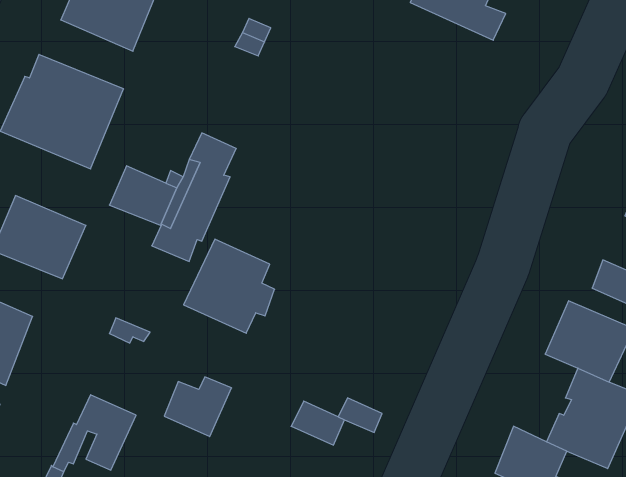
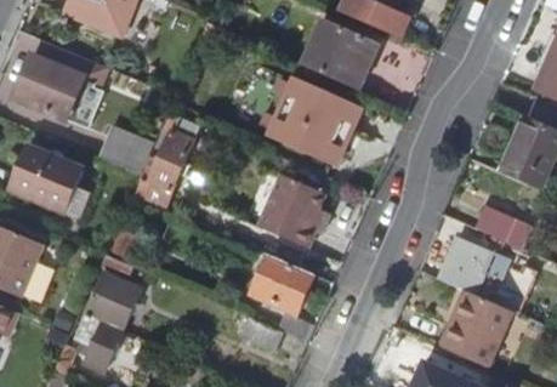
building: none -> [302,16,376,84]
building: none -> [260,69,353,155]
building: [184,239,275,333] -> [257,173,328,246]
building: none -> [257,257,312,313]
building: [164,377,232,437] -> [86,279,138,325]

